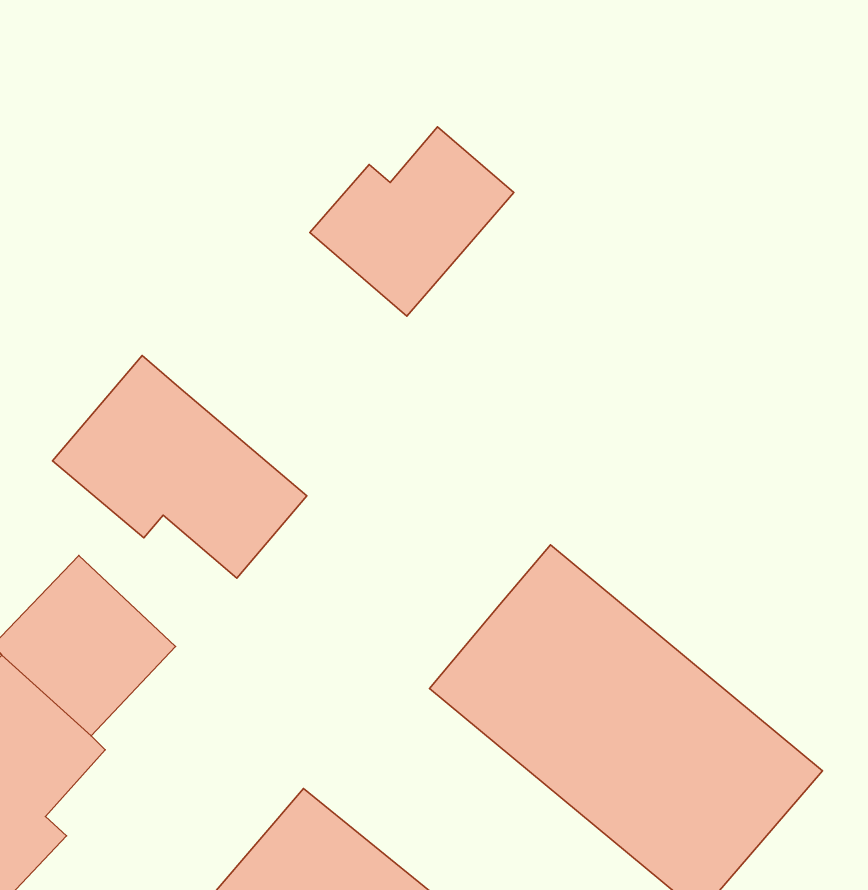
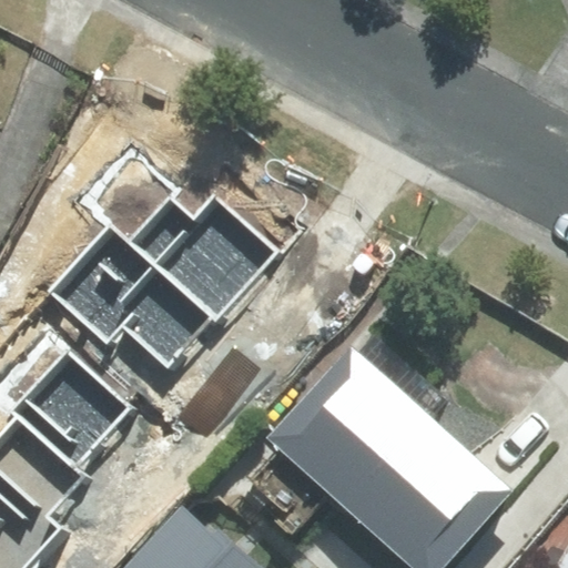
building: [310,127,514,316] -> none
building: none -> [113,200,258,322]

